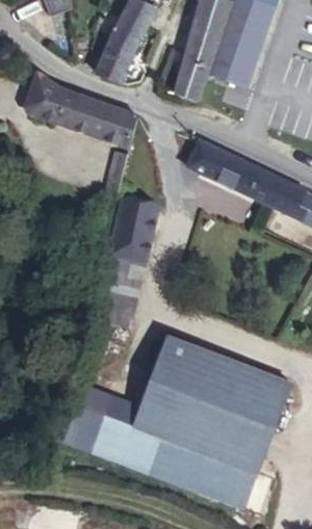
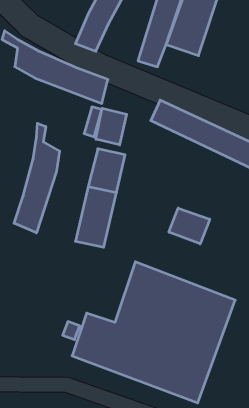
building: none -> [96,108,127,145]
building: none -> [14,123,60,233]
building: none -> [169,208,210,244]

